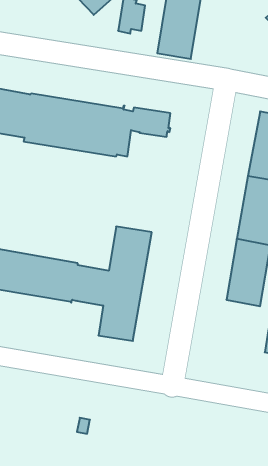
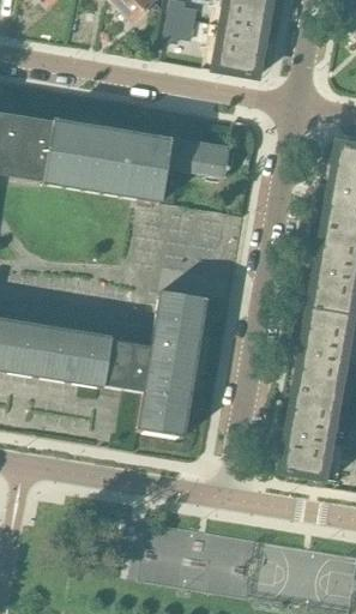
building: none -> [285,384,344,477]

